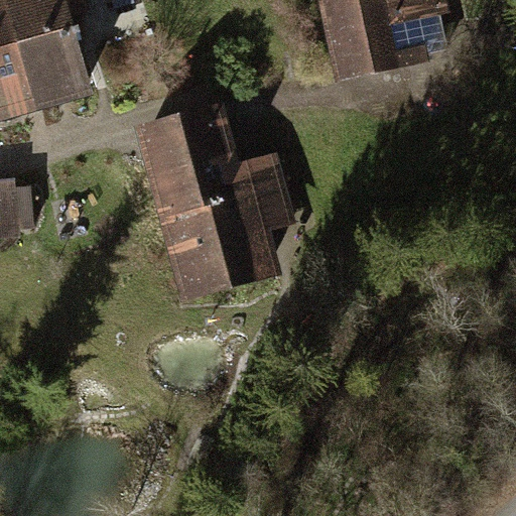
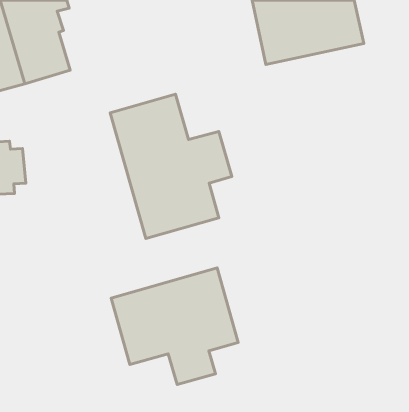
building: none -> [111,268,238,385]

